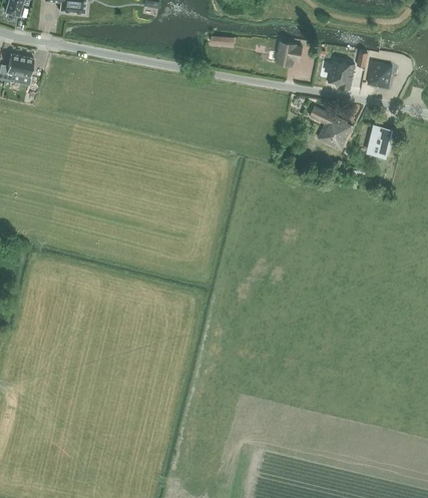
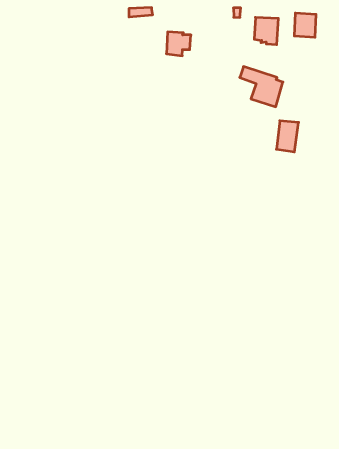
building: [277,40,303,65] -> [166,32,191,56]
building: [368,124,393,156] -> [276,121,299,152]

